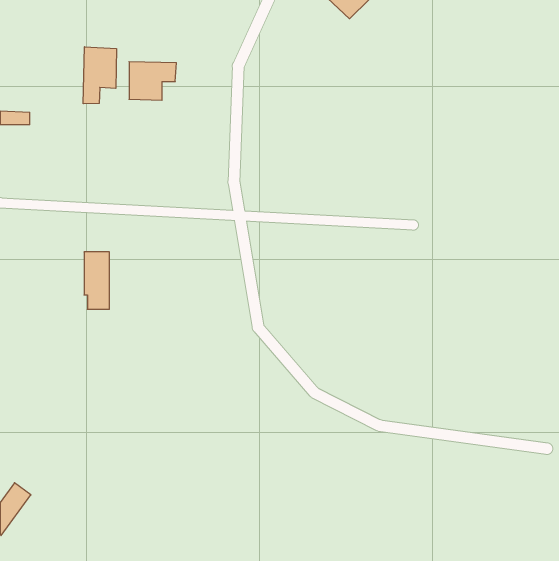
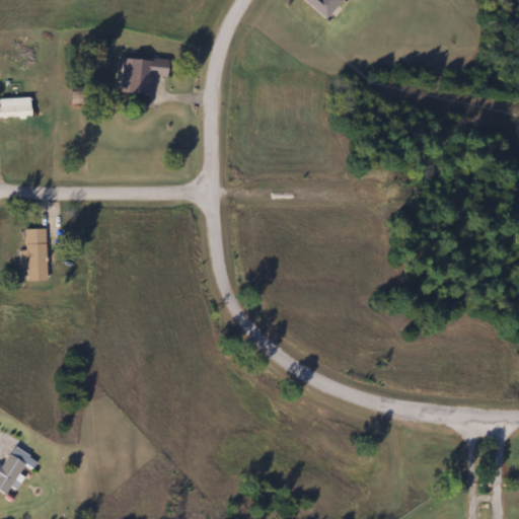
building: [83,47,116,104] -> none
building: [84,252,109,309] -> [24,227,48,280]

